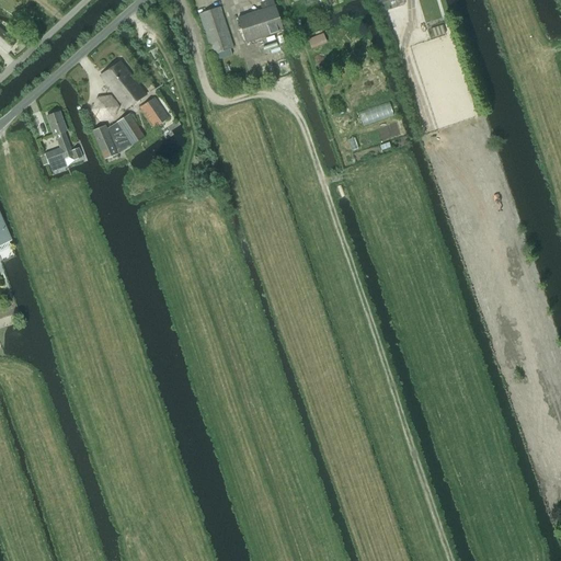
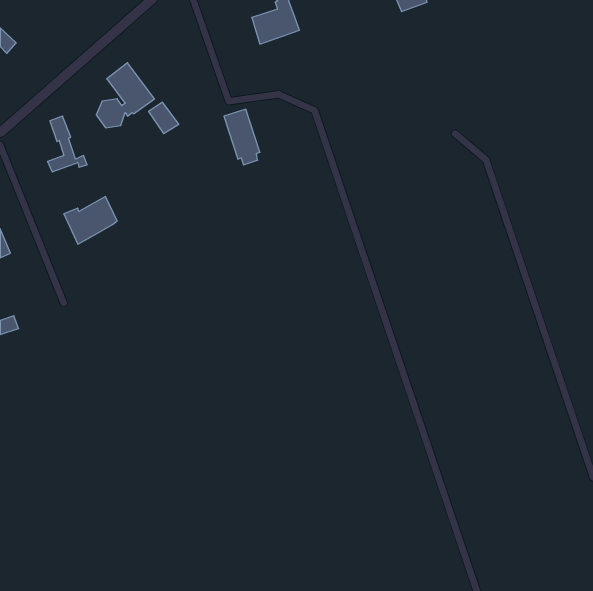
building: [199,5,233,58] -> [224,109,260,165]
building: [92,113,142,158] -> [64,197,117,244]

